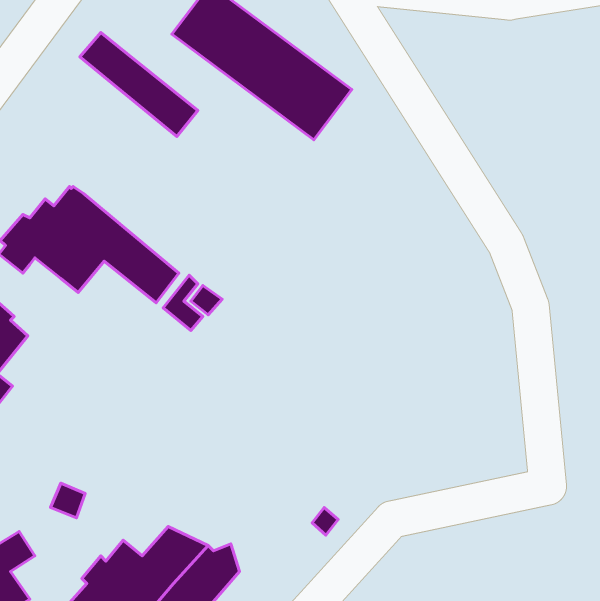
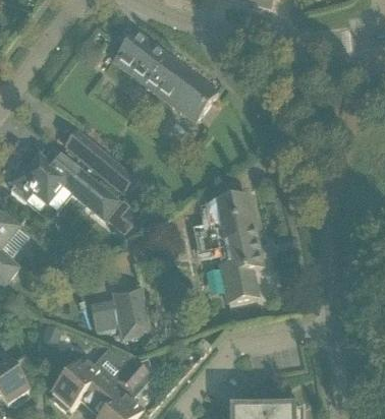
building: [80,33,198,137] -> [65,131,134,192]
building: none -> [215,194,262,301]
building: none -> [89,287,149,338]

